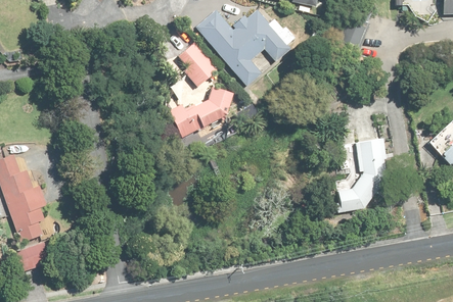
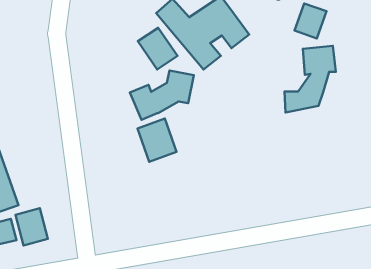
building: none -> [138,118,177,162]
building: [337,141,392,211] -> [285,46,336,113]
building: none -> [16,208,48,245]

